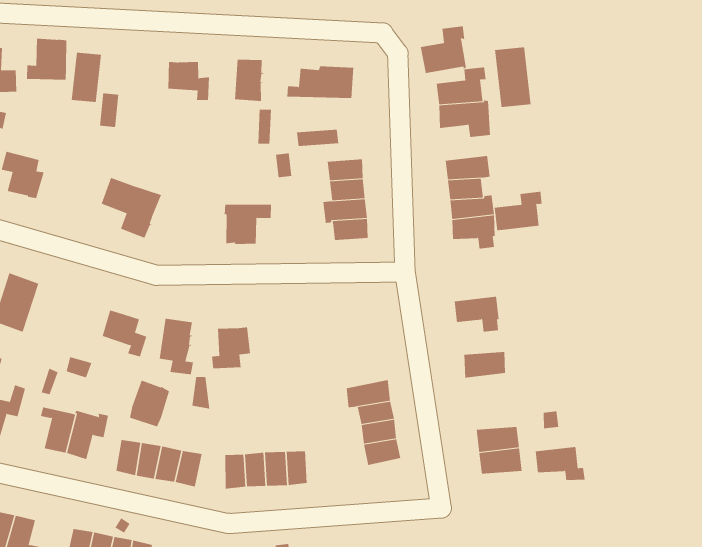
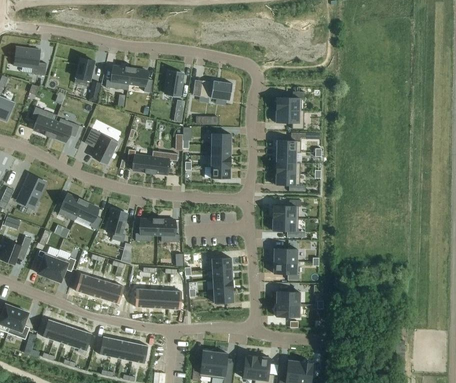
building: [420,26,466,74] -> none
building: [26,37,67,80] -> [105,65,130,90]
building: [495,47,531,108] -> none
building: none -> [49,118,79,142]
building: [494,191,543,231] -> [272,199,299,218]
building: none -> [127,149,152,173]
building: none -> [157,218,179,242]
building: [129,380,170,427] -> [58,193,82,220]
building: [535,446,585,480] -> [273,261,299,280]

